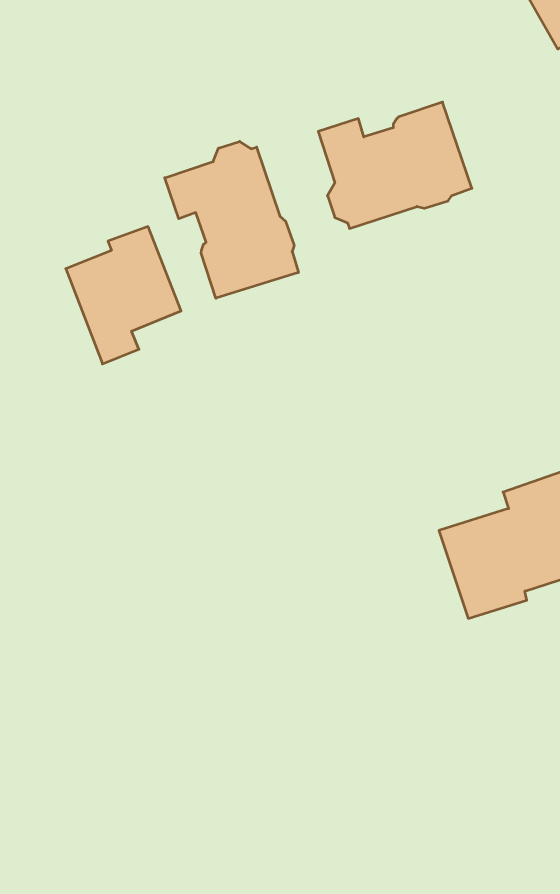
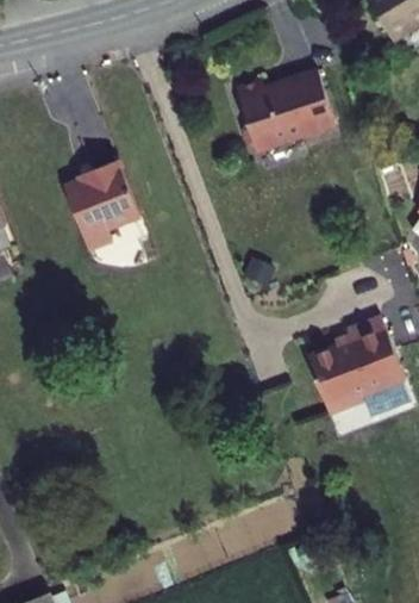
building: [165,141,298,298] -> none

